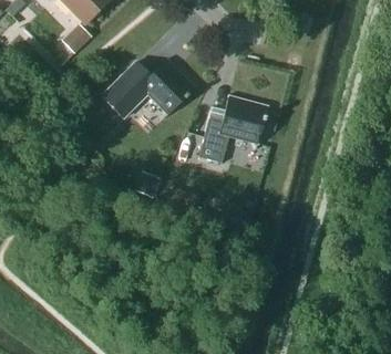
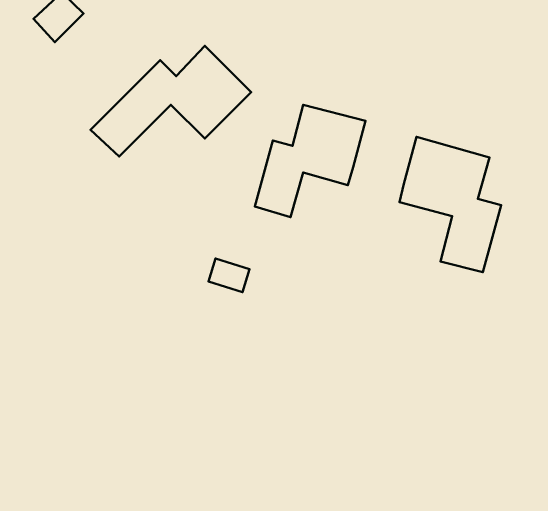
building: none -> [400,137,501,272]

